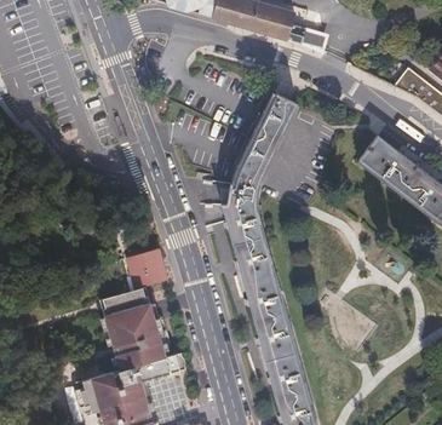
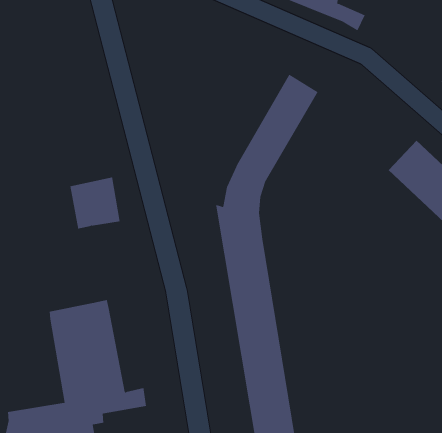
building: [122,245,166,289] -> [70,177,121,229]

